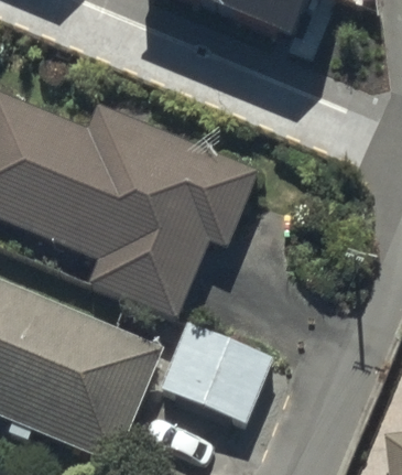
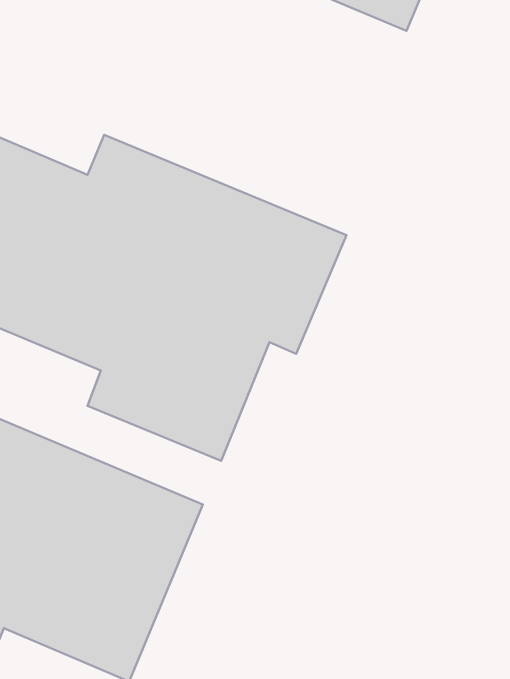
building: [160,321,271,423] -> none

